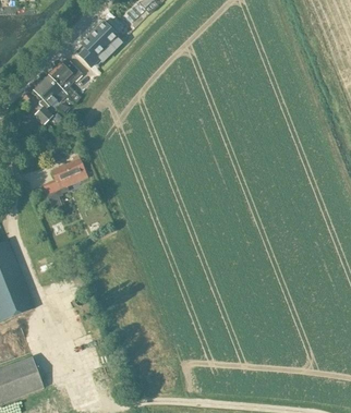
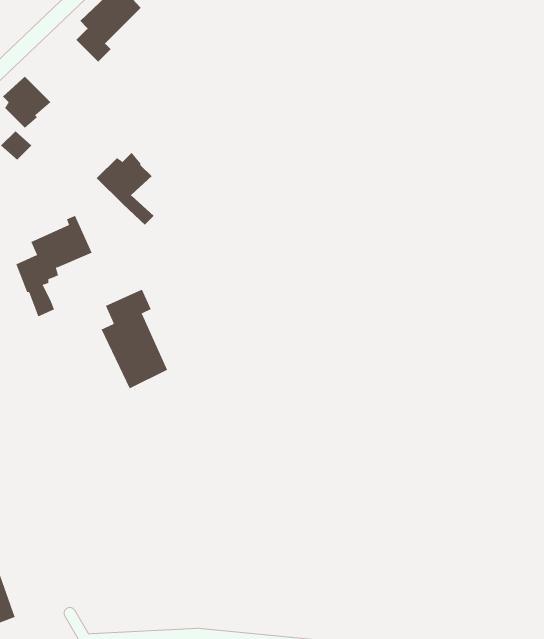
building: [49,59,83,101] -> [96,152,154,225]
building: none -> [101,289,168,389]

